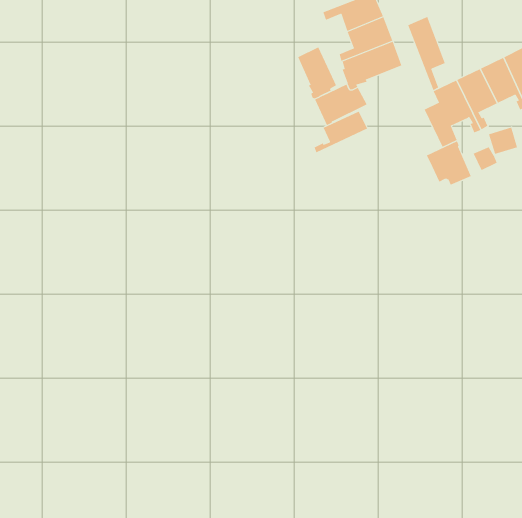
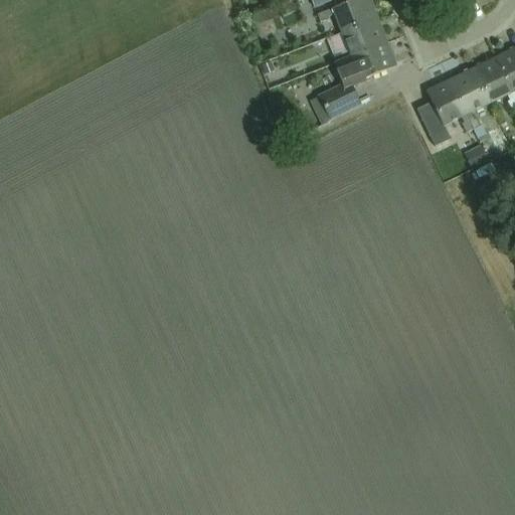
building: [407,16,445,91] -> none
building: [297,47,337,99] -> none
building: [314,111,368,153] -> none
building: [426,140,472,186] -> none

